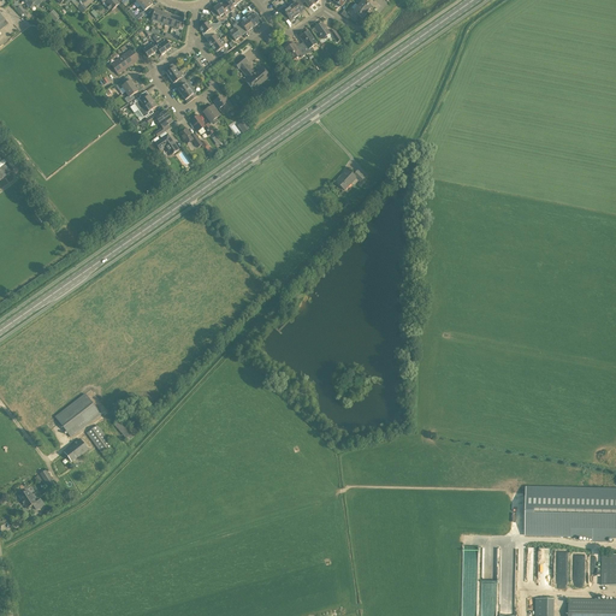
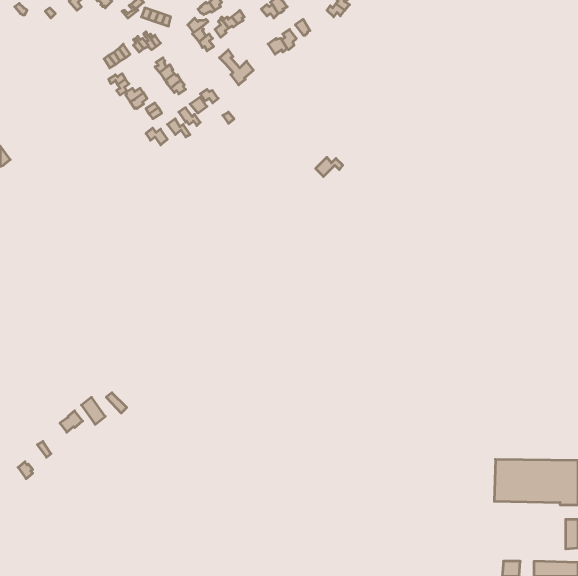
building: [54,391,101,436] -> none

